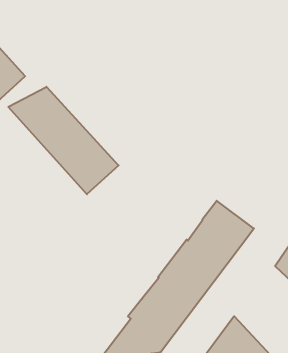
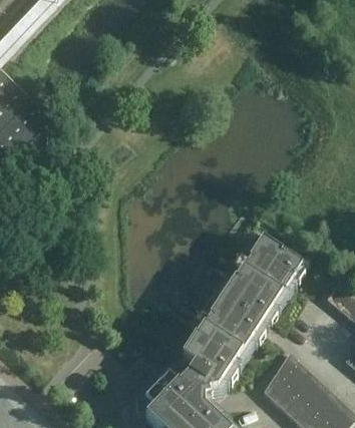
building: [8,87,119,194] -> none

